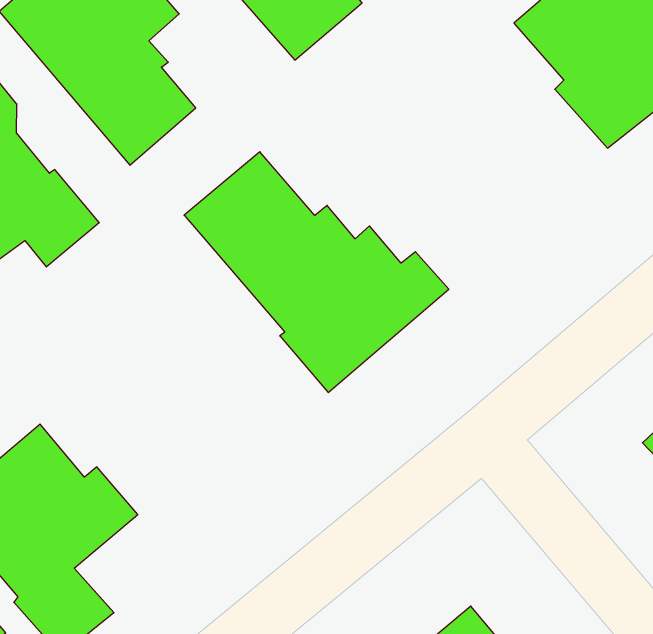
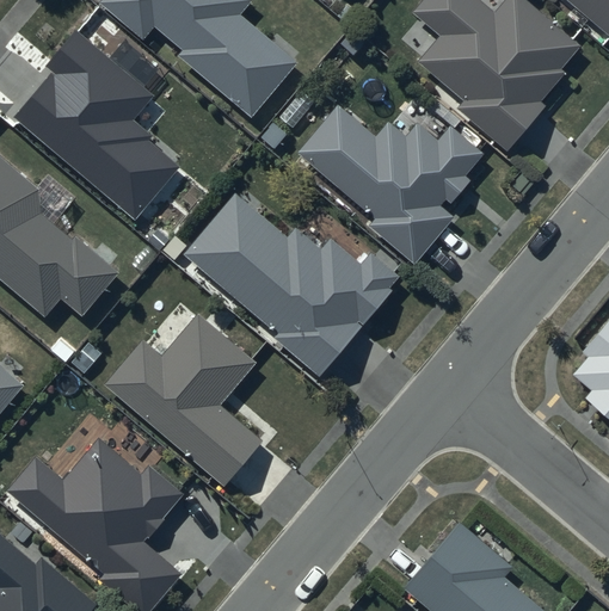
building: none -> [297,104,486,261]
building: none -> [104,315,263,487]

